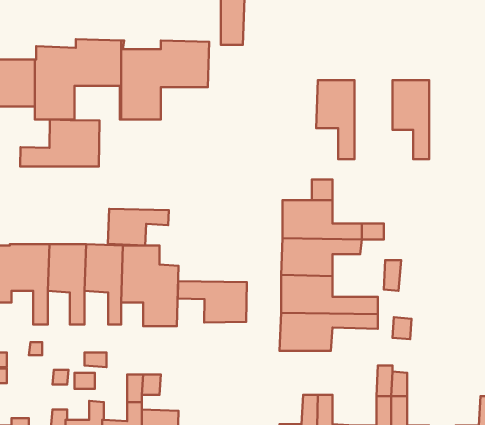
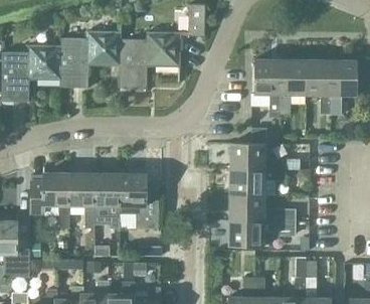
building: none -> [280,61,306,116]
building: none -> [331,61,365,117]
building: [20,120,99,166] -> none
building: [108,209,169,245] -> none
building: [178,281,247,323] -> none

